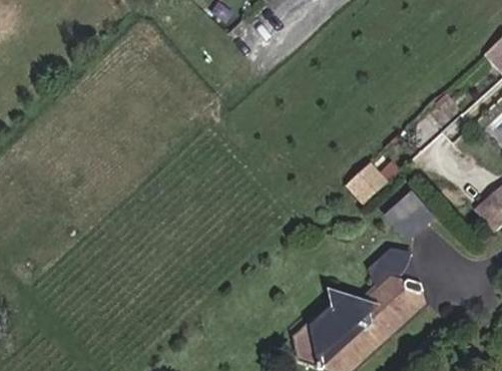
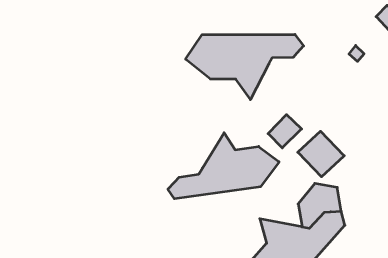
building: none -> [186,34,304,100]
building: none -> [168,133,279,199]

